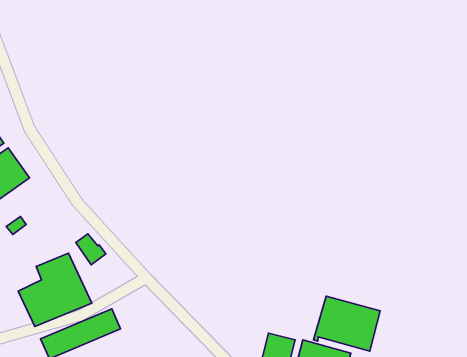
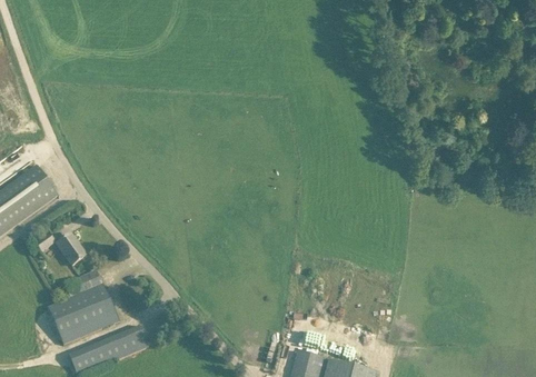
building: [76,234,106,265] -> [54,234,85,265]
building: [313,296,380,351] -> none

